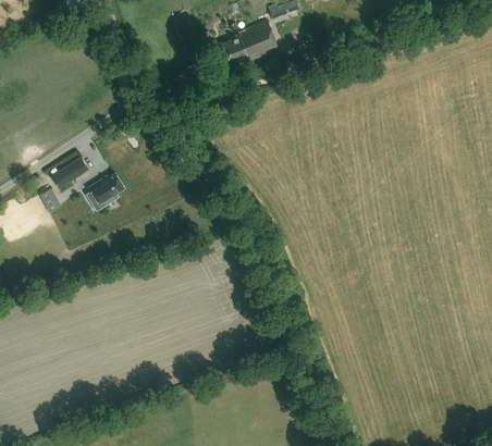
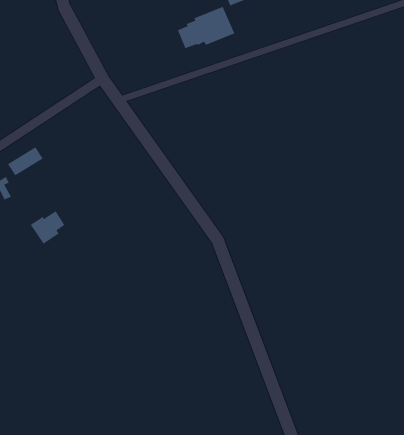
building: [88,174,123,208] -> [30,211,65,245]

